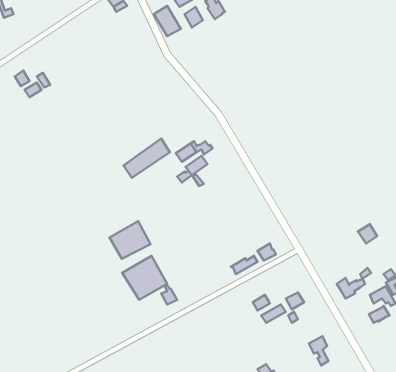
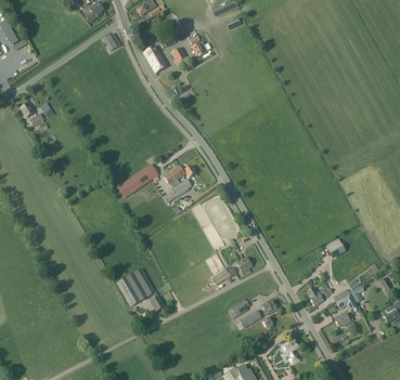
building: [110,221,151,259] -> none

